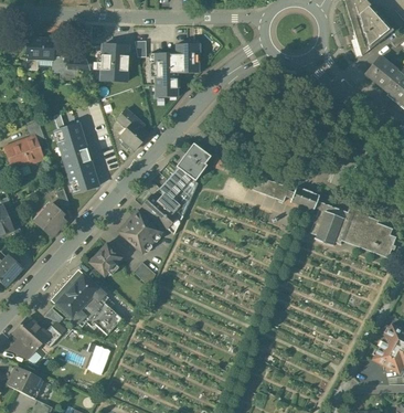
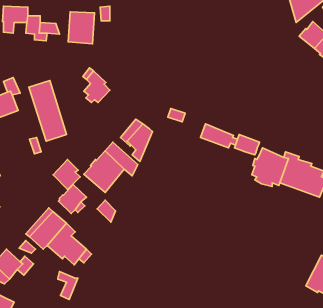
building: [150,44,200,96] -> none
building: [176,144,209,179] -> none
building: [34,202,65,236] -> [53,159,80,189]

